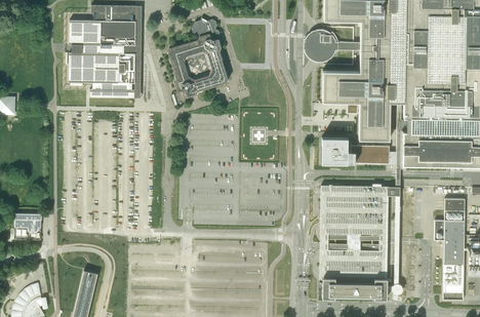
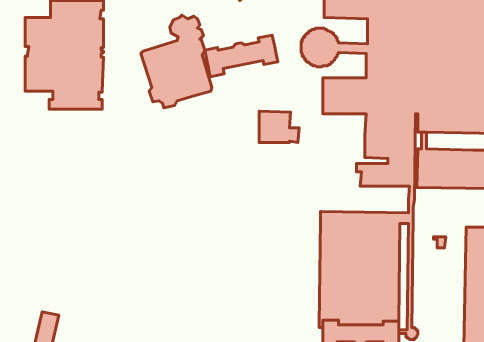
building: none -> [205,35,278,77]
building: [322,136,356,163] -> [259,111,299,142]

